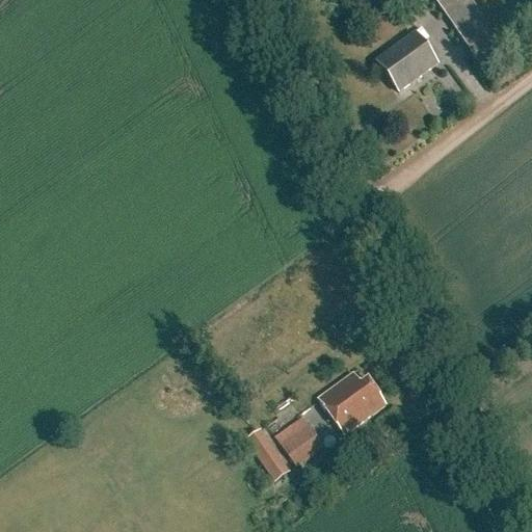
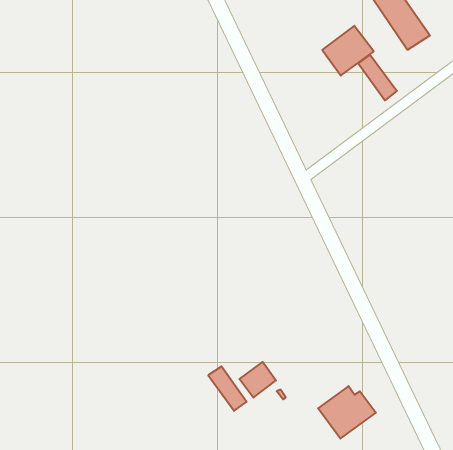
building: none -> [358,55,397,100]
building: [319,369,387,430] -> [318,386,376,439]

